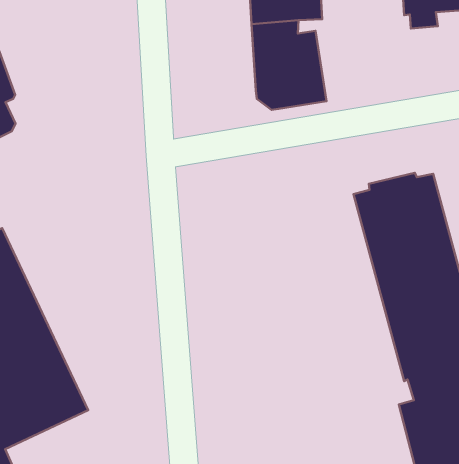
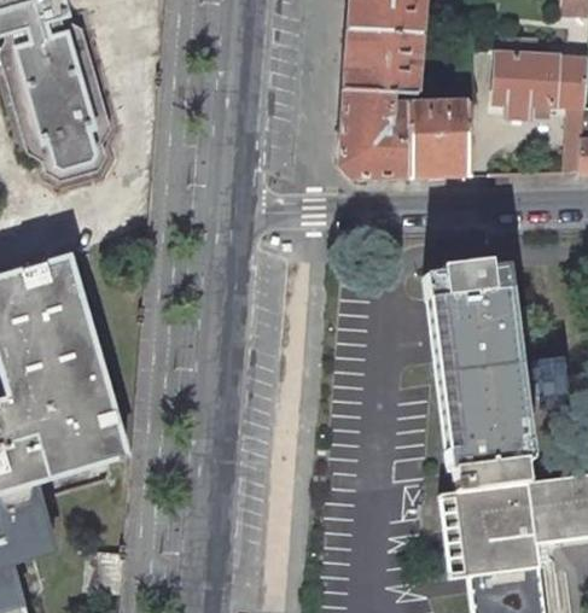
building: none -> [408,100,470,175]

